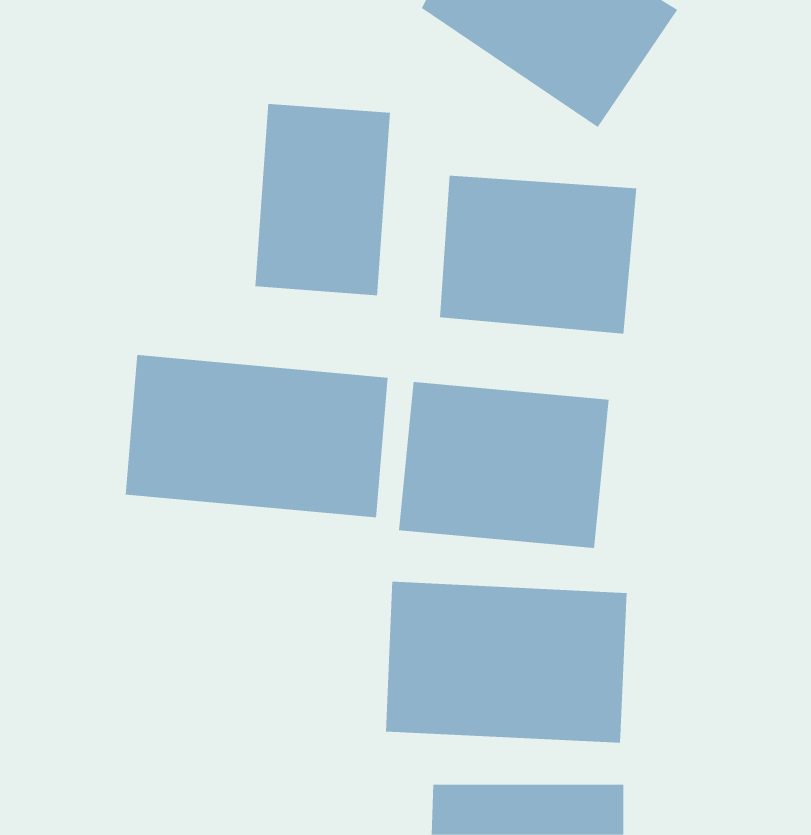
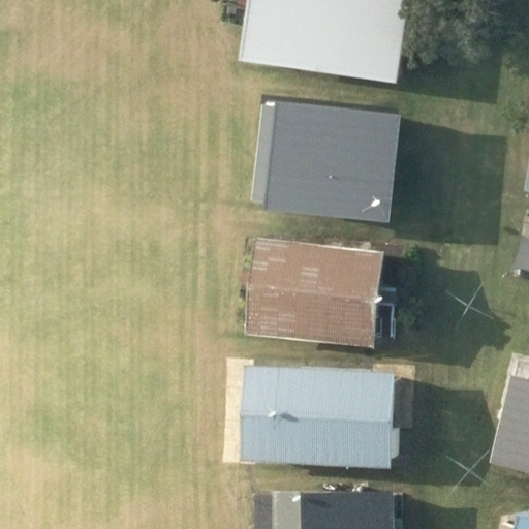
building: [255,103,390,296] -> none
building: [125,354,388,518] -> none

